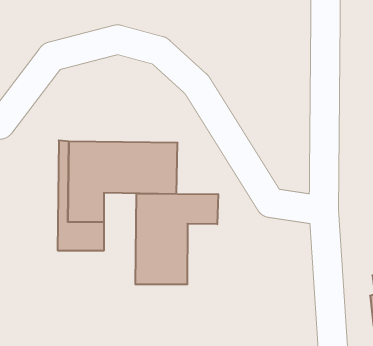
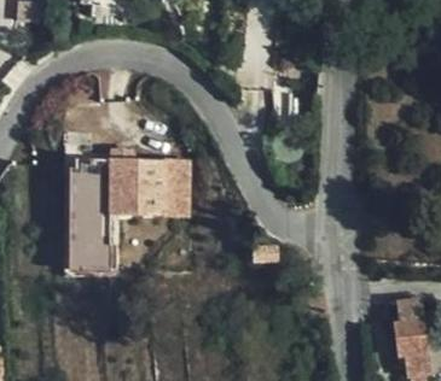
building: [135,193,218,284] -> none

